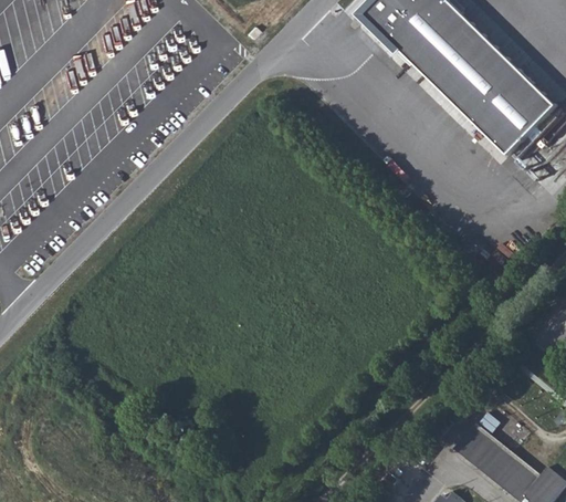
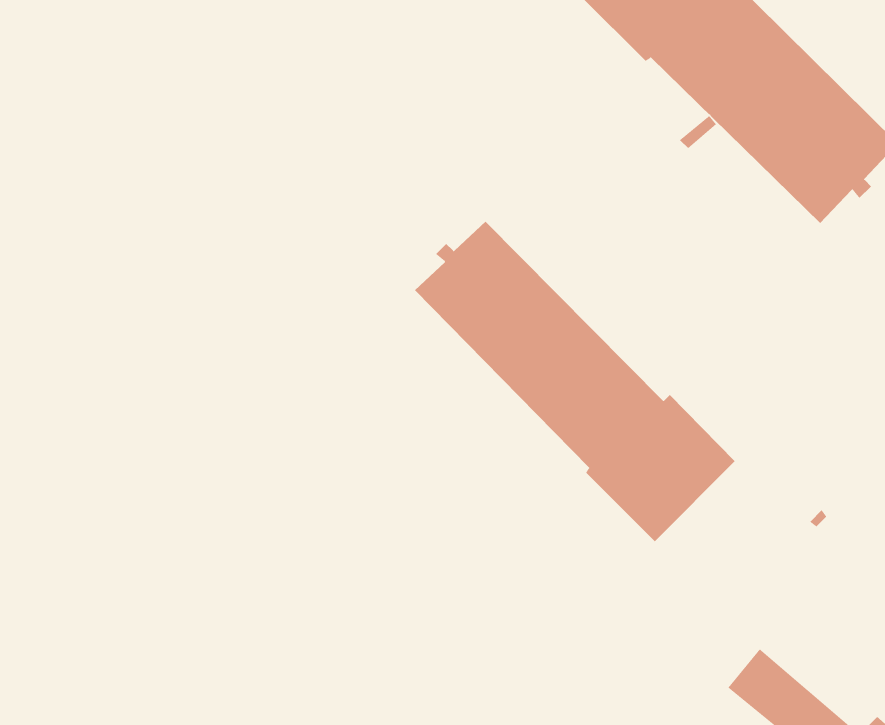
building: none -> [414,221,736,542]

